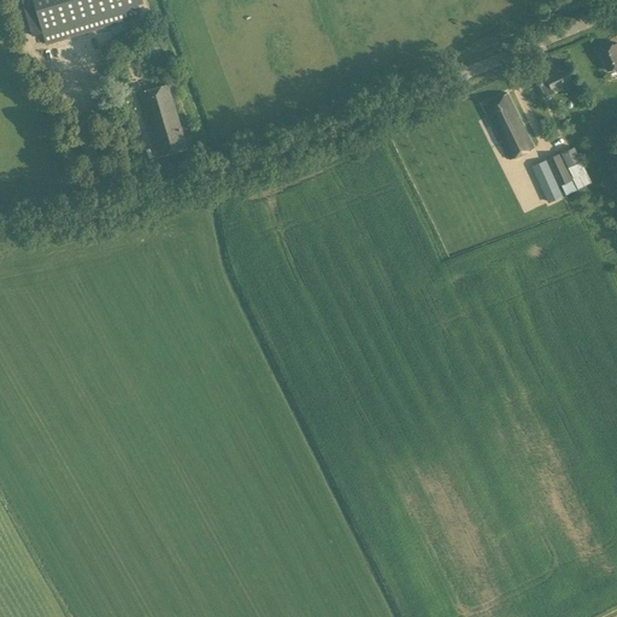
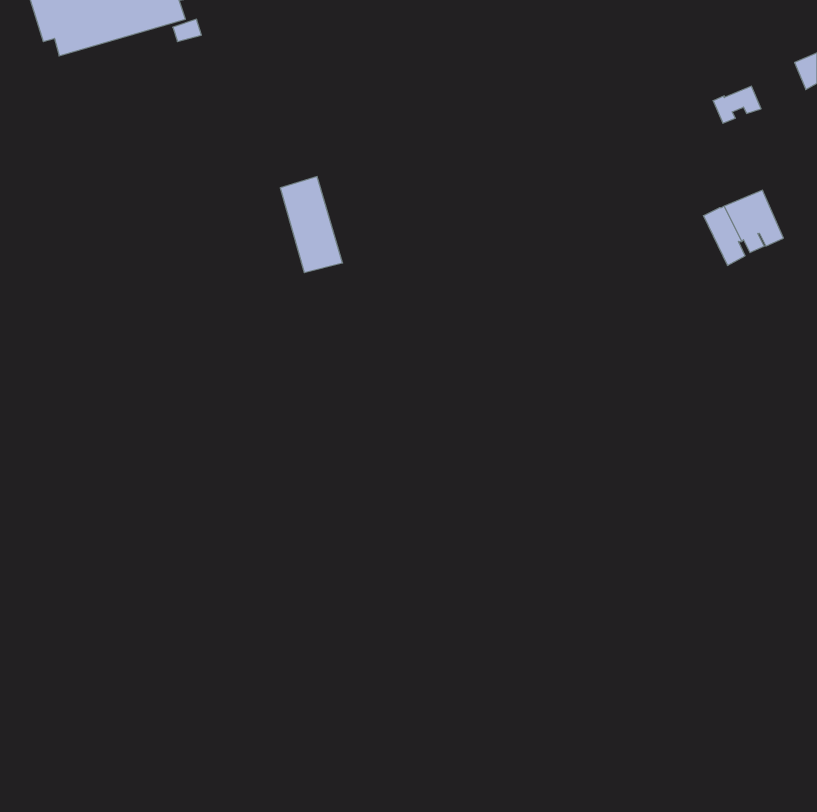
building: [140,80,187,152] -> [280,177,343,273]
building: [483,89,534,155] -> none

